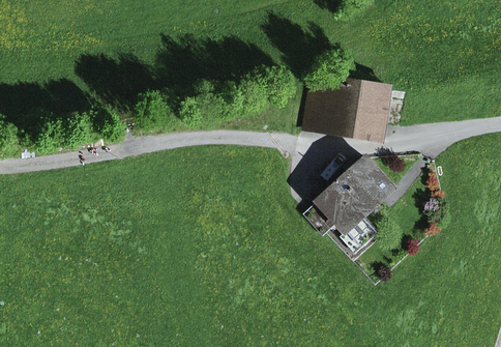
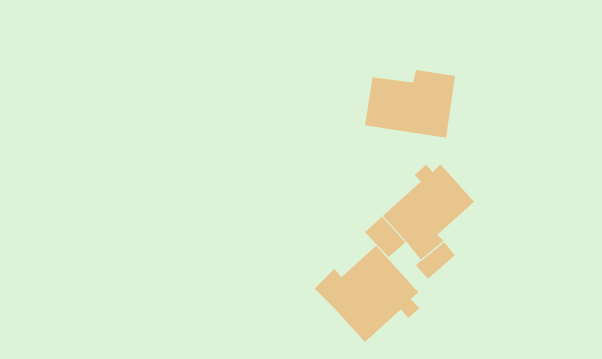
building: none -> [314,245,420,343]

